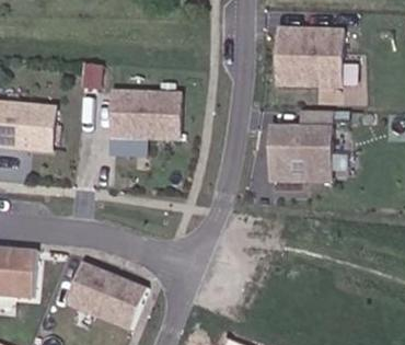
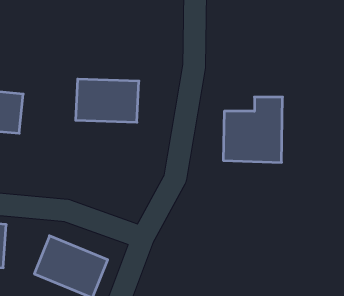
building: [279,27,344,85] -> none

